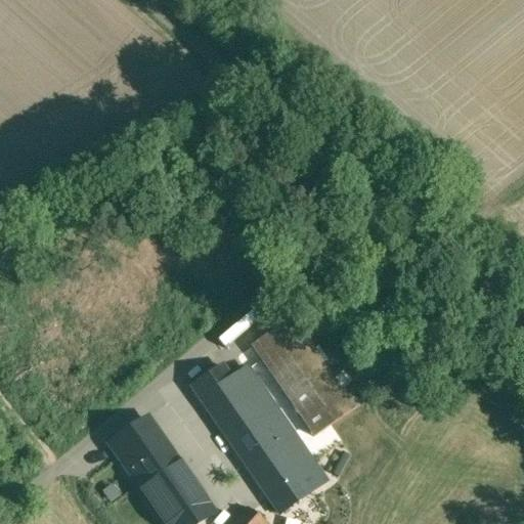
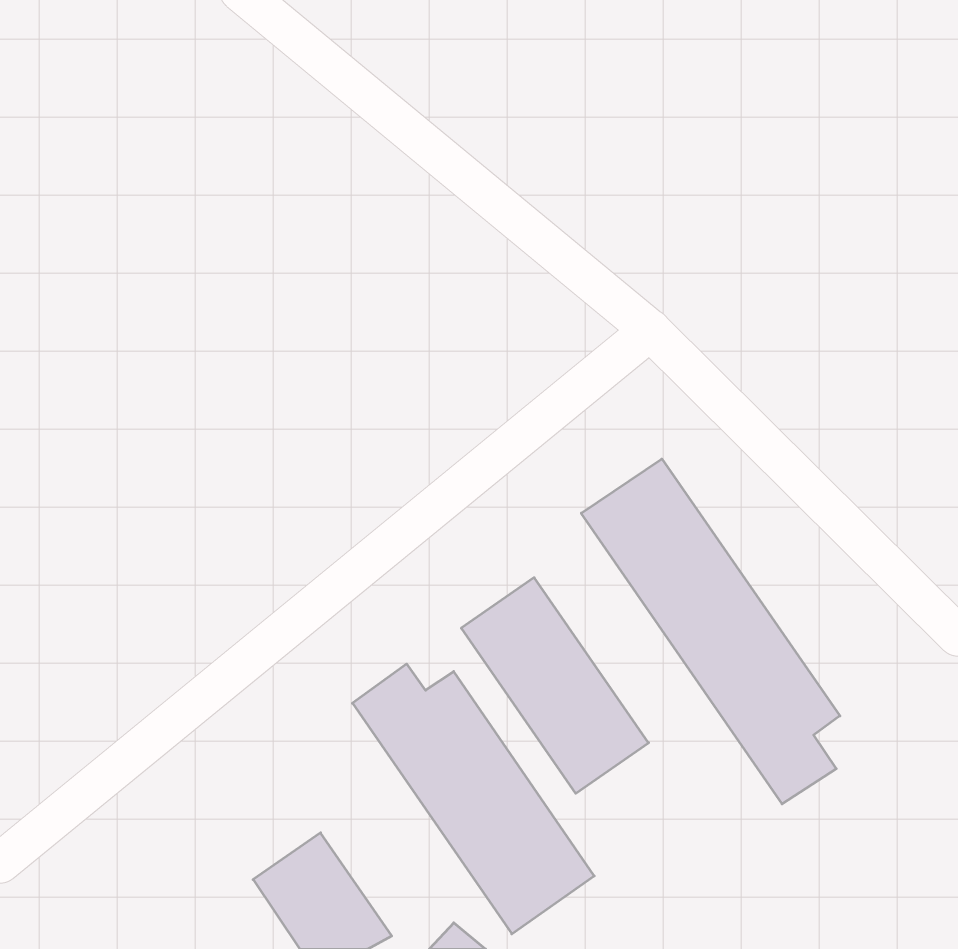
building: none -> [581,459,840,804]
building: [110,414,175,480] -> none

